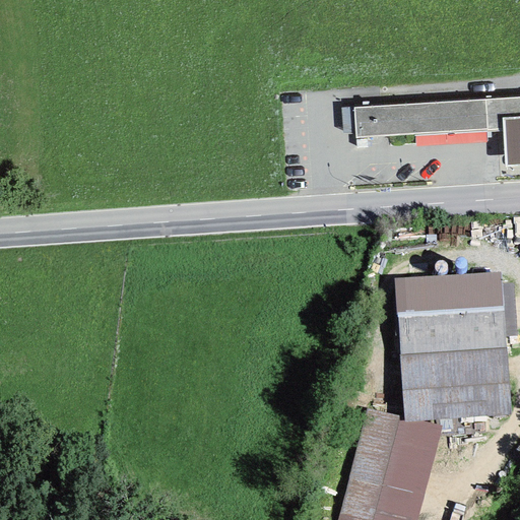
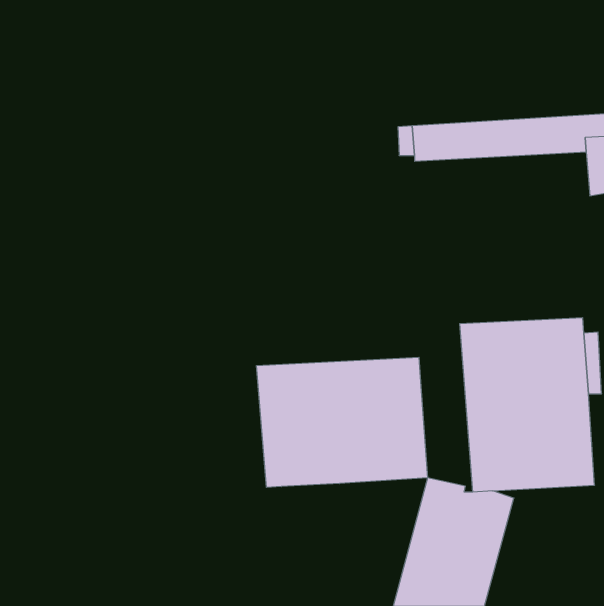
building: none -> [257,357,428,487]

